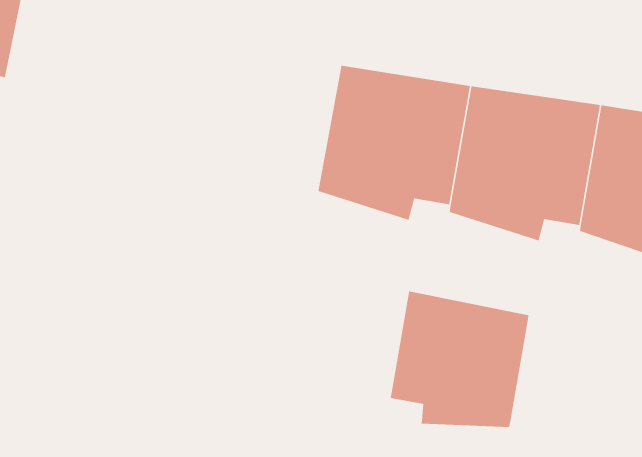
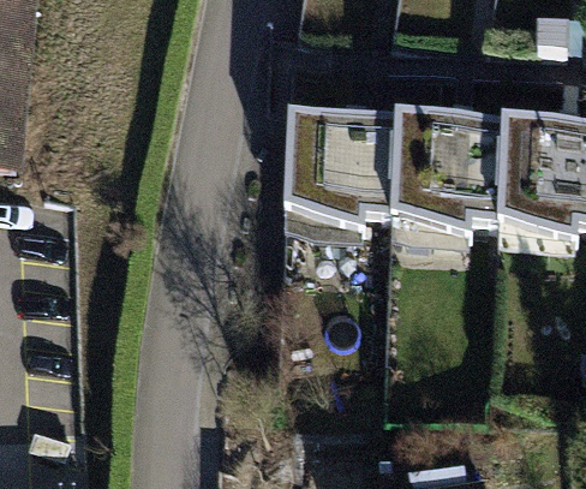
building: [390,291,530,428] -> none

